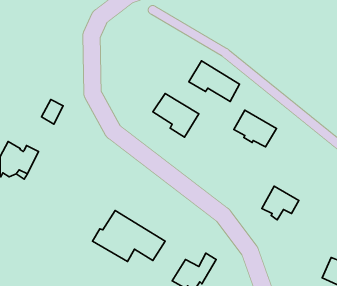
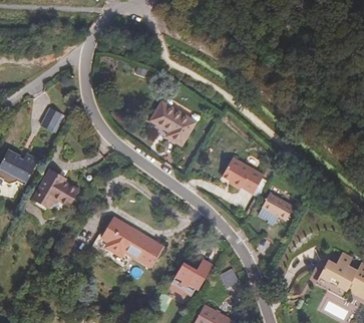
building: [189,61,240,101] -> none
building: [234,110,277,147] -> [222,155,264,192]
building: none -> [36,171,76,204]

